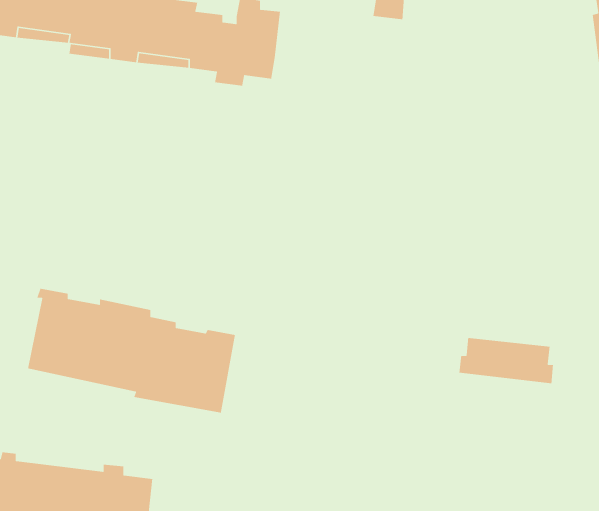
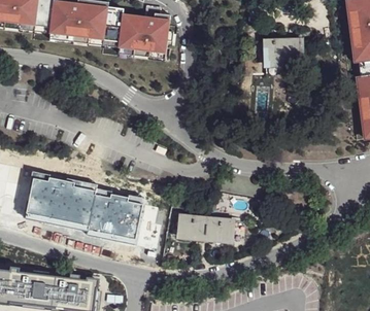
building: none -> [263,39,300,65]
building: [459,337,554,384] -> [176,217,231,244]

